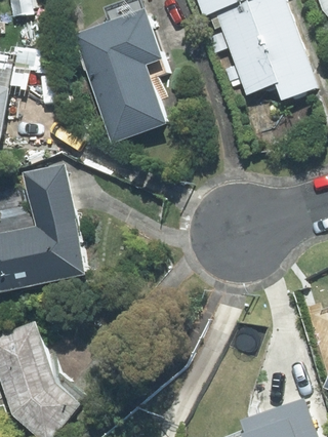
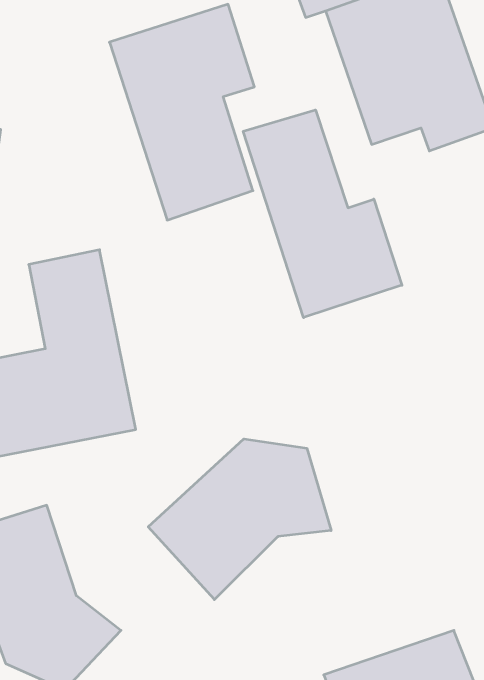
building: none -> [243,110,402,318]
building: none -> [148,439,331,600]

